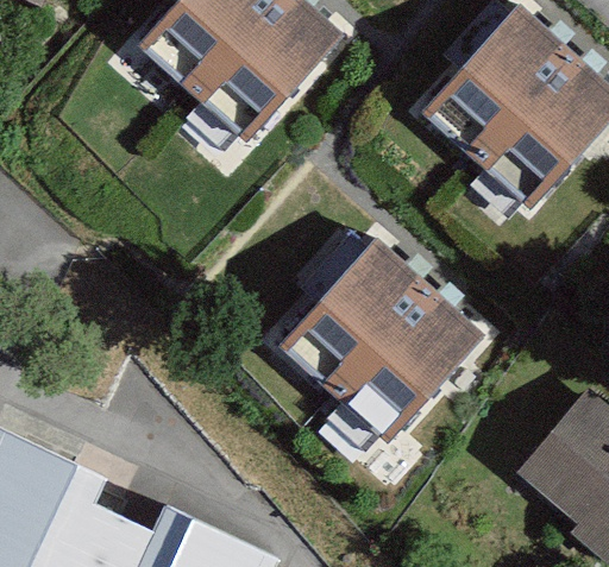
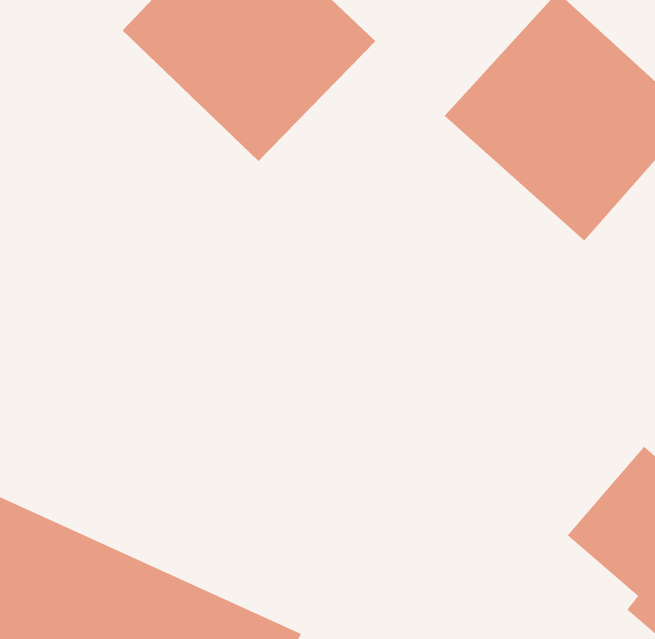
building: [274,229,486,441] -> none

